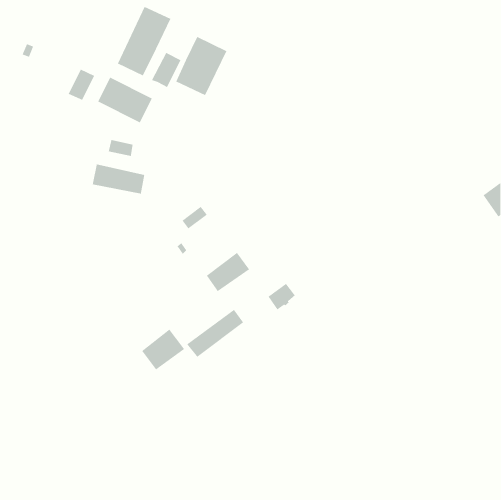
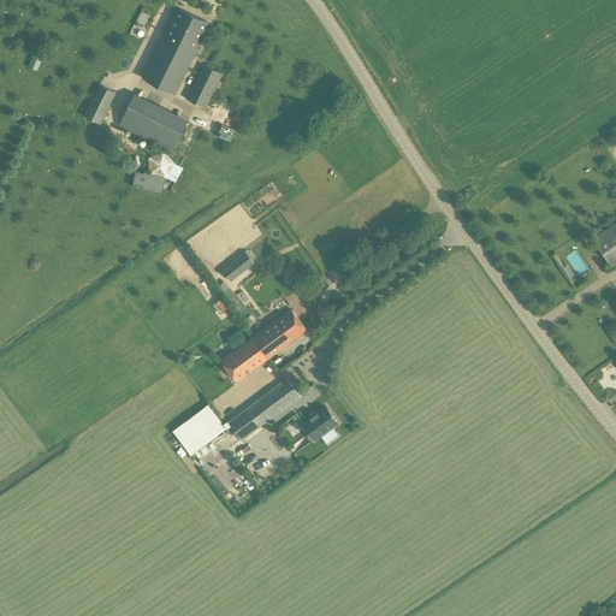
building: [175,36,228,96] -> none
building: [92,164,145,195] -> none
building: none -> [221,339,267,383]
building: [267,283,296,310] -> [303,408,338,442]

